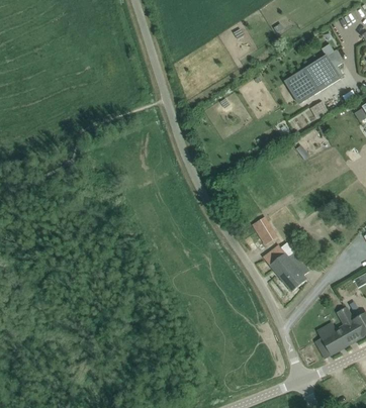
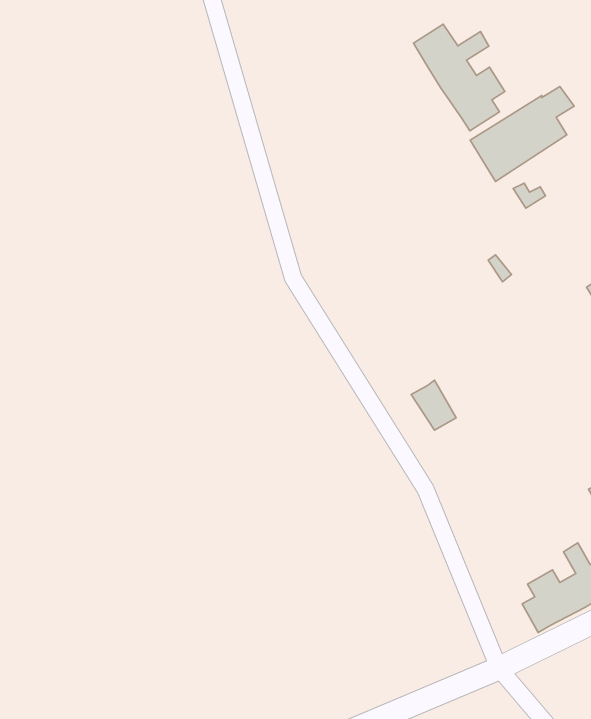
building: none -> [414,24,505,131]
building: [263,243,308,291] -> none

